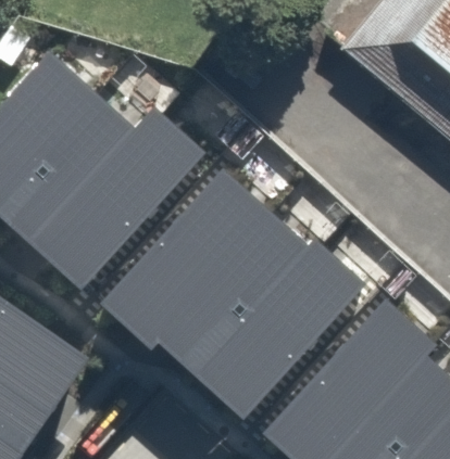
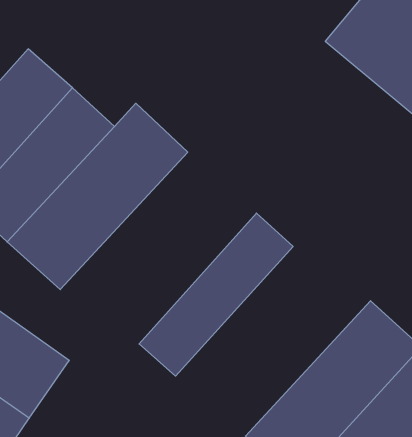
building: [100,168,273,349] -> none
building: [193,239,364,417] -> none

